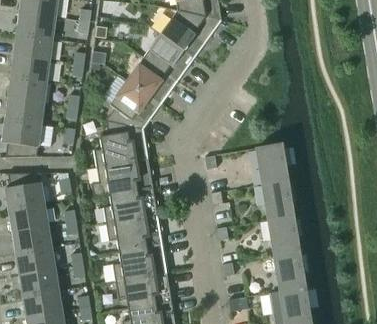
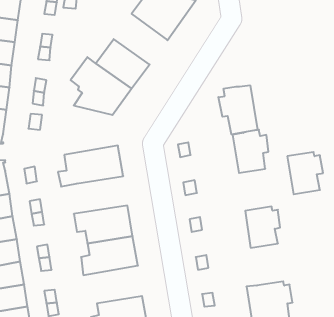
building: [144,33,195,81] -> none
building: none -> [218,85,258,134]
building: [94,120,148,167] -> none
building: [263,180,297,220] -> [287,152,323,194]
building: [103,187,157,223] -> none
building: [274,251,308,291] -> none
building: [115,272,171,308] -> none

